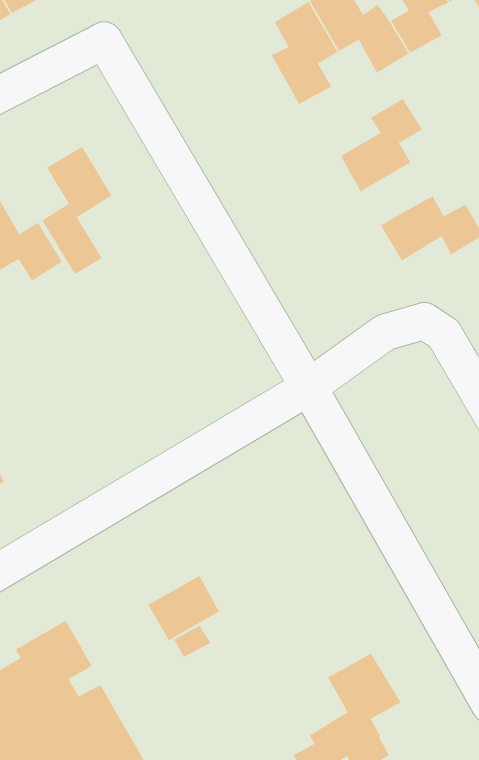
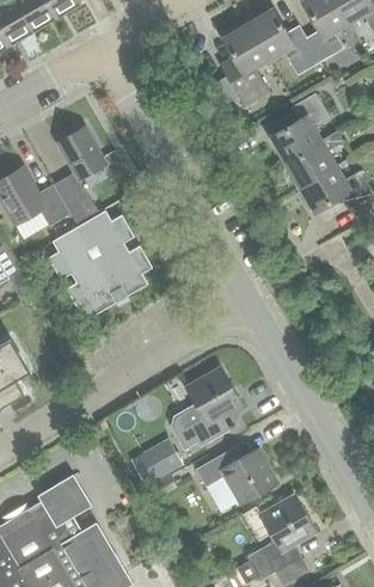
building: none -> [284,130,344,185]
building: none -> [47,209,152,319]
building: none -> [170,367,240,451]
building: none -> [196,446,276,503]

